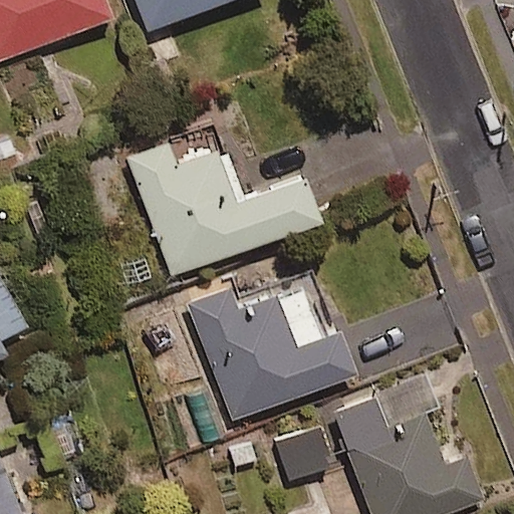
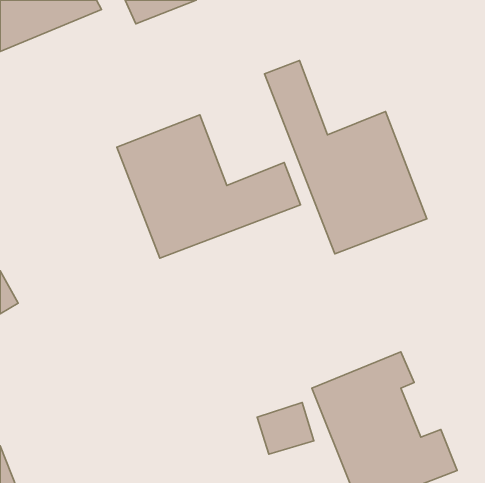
building: none -> [265,60,427,254]
building: [187,259,356,423] -> none

